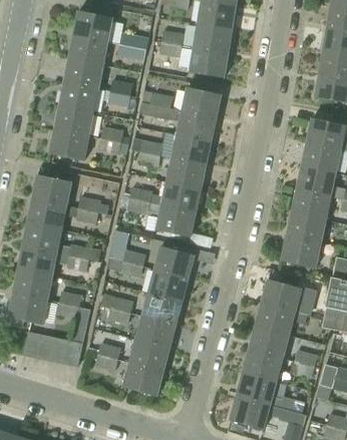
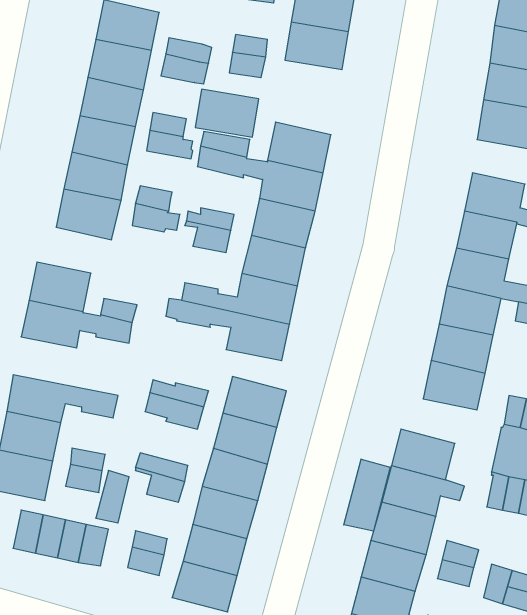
building: [190,46,230,76] -> [195,89,259,137]
building: [22,221,90,258] -> none
building: none -> [344,459,390,531]

